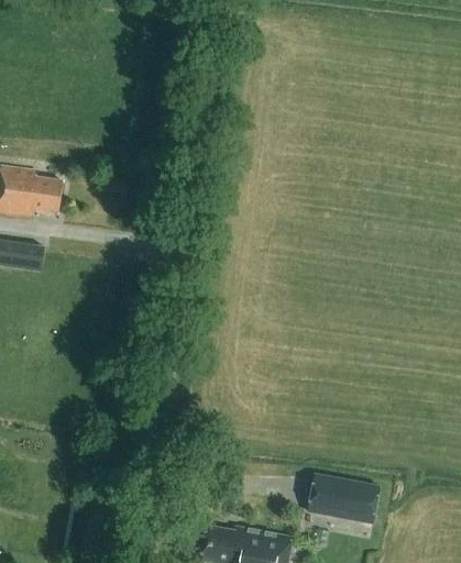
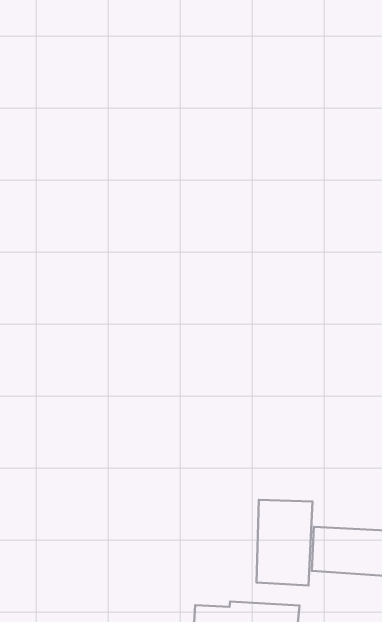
building: none -> [257,500,313,585]

